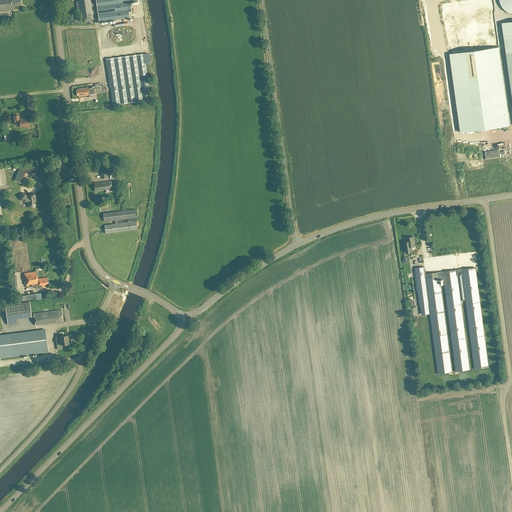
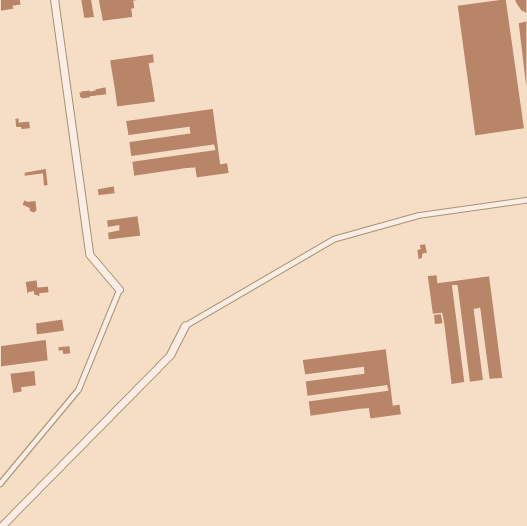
building: none -> [125,108,230,178]
building: [5,301,32,324] -> [9,370,37,394]
building: none -> [302,349,402,419]

